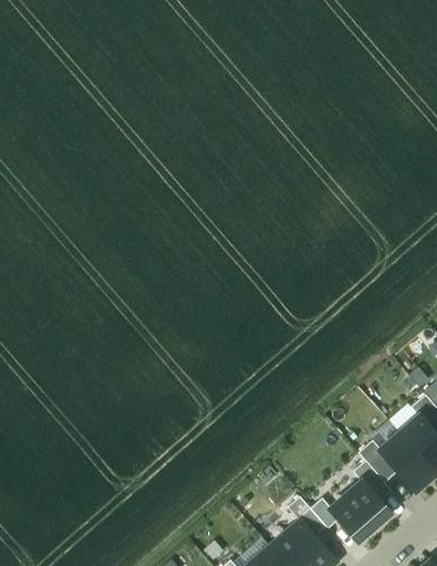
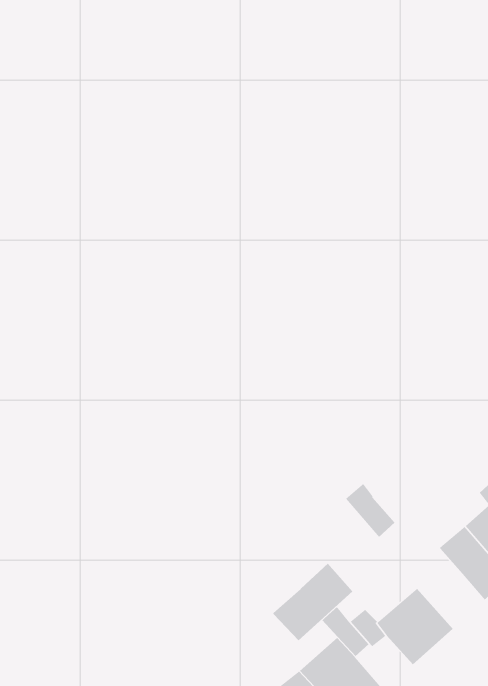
building: [357,439,397,482] -> [345,483,396,538]
building: none -> [273,563,353,641]

